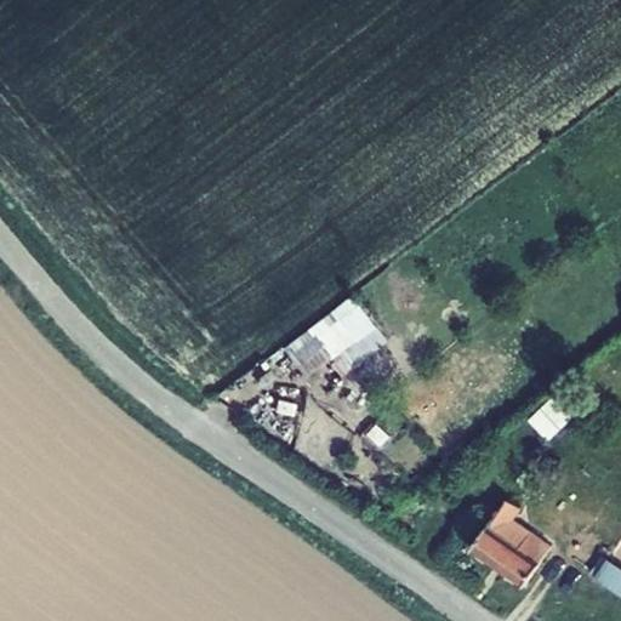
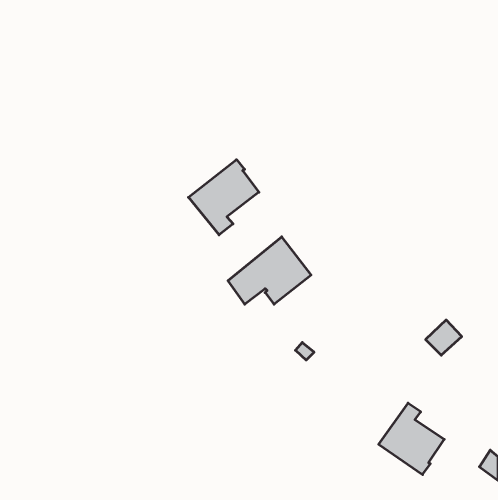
building: none -> [188,160,259,235]

